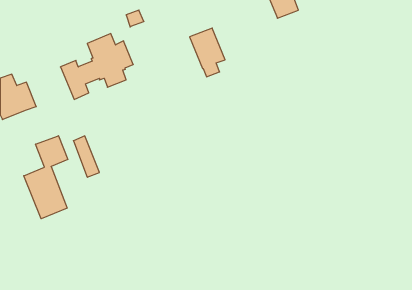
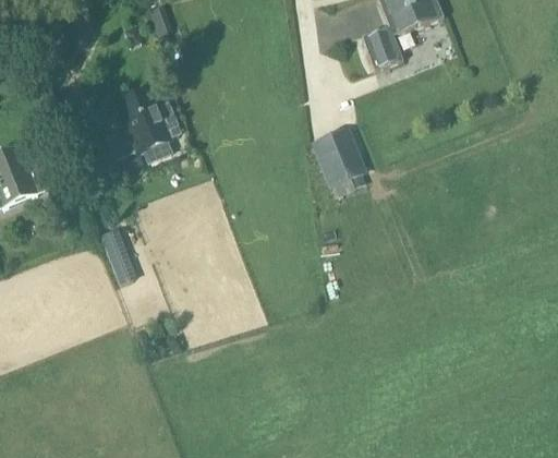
building: [190,28,225,77] -> [315,129,363,194]
building: [24,136,68,219] -> none

